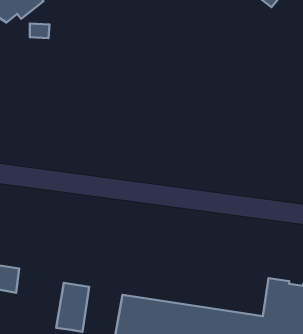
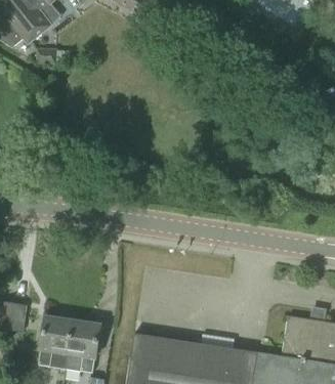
building: none -> [38,317,73,369]

